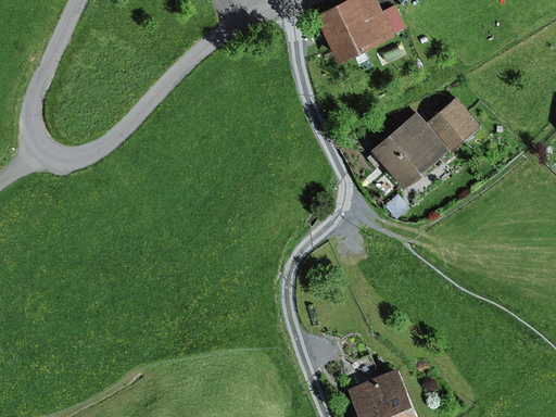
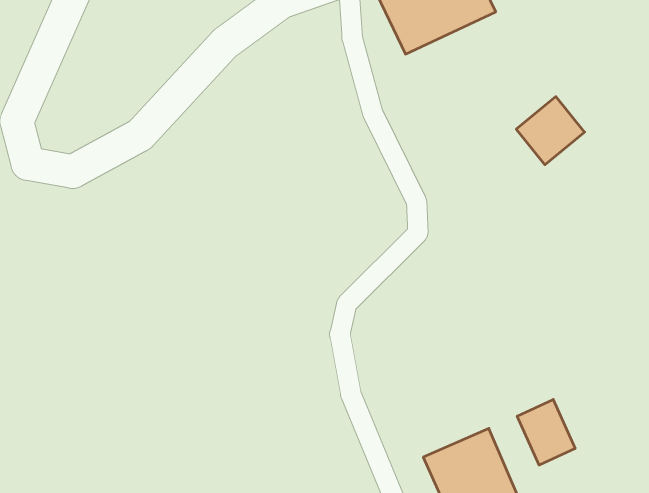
building: [368,114,446,191] -> none
building: none -> [517,399,575,465]

